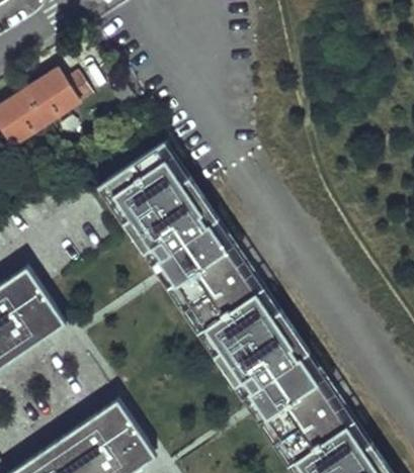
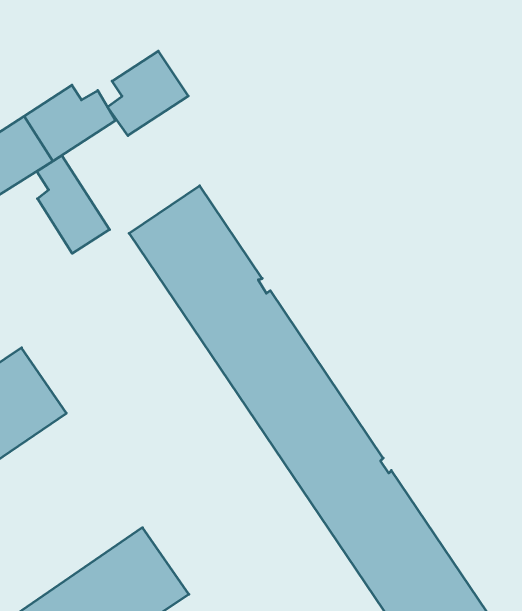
building: none -> [107,51,188,136]
building: none -> [37,156,110,253]

